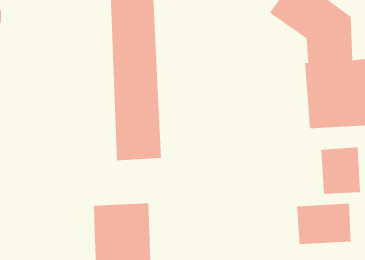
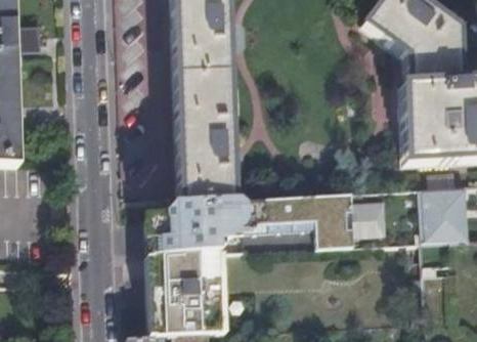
building: none -> [150,197,387,259]
building: [296,203,351,245] -> none

